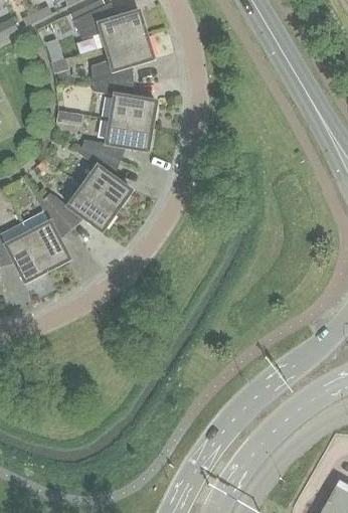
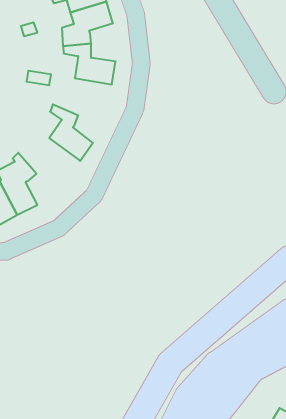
building: [85,118,151,159] -> none
building: [47,184,116,229] -> none

